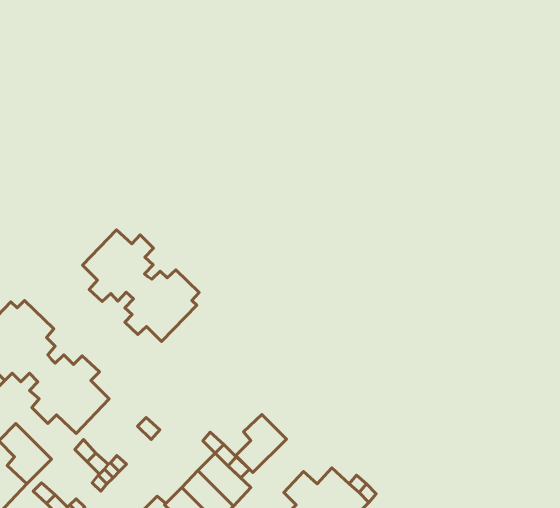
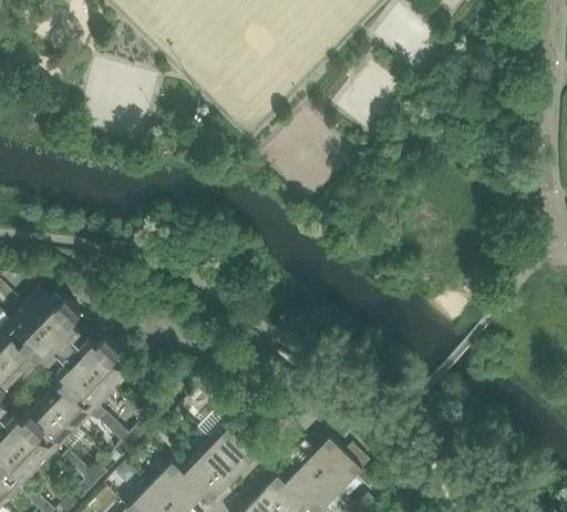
building: [82,230,199,342] -> none
building: none -> [44,382,99,429]
building: [236,415,286,473] -> none

